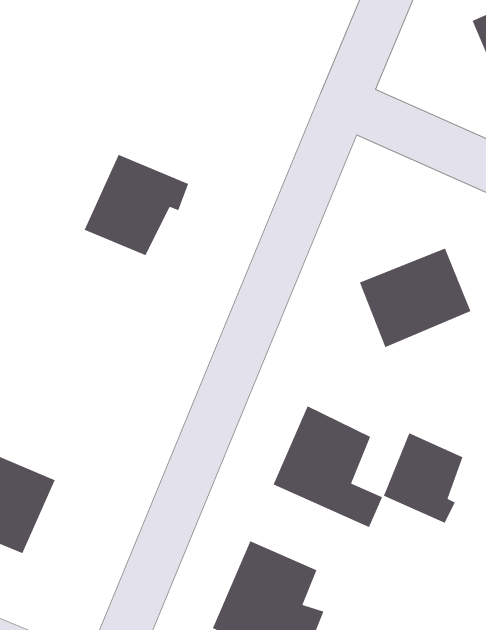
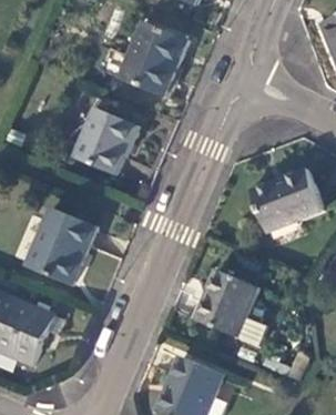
building: none -> [121,21,186,95]
building: none -> [27,206,95,285]
building: [383,432,463,524] -> none

